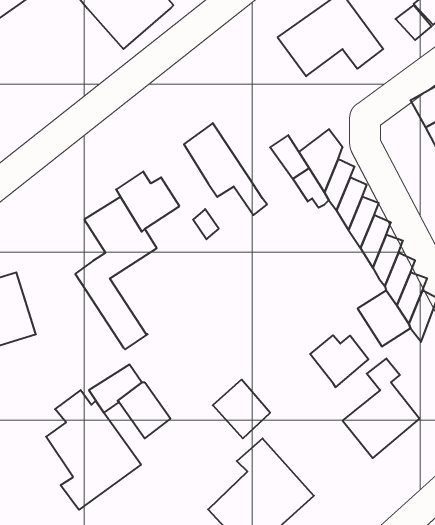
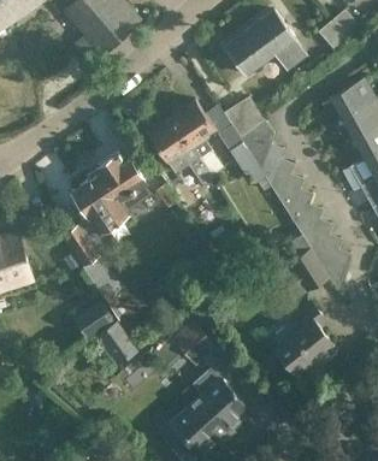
building: none -> [223,97,264,138]
building: none -> [171,100,215,159]
building: [310,335,368,387] -> none
building: [46,390,141,510] -> none

